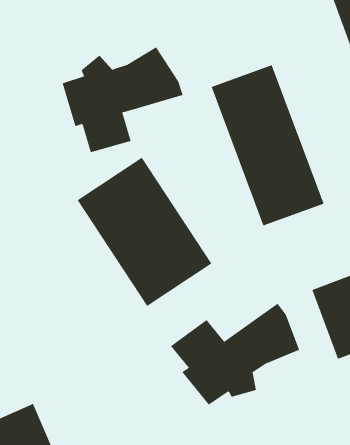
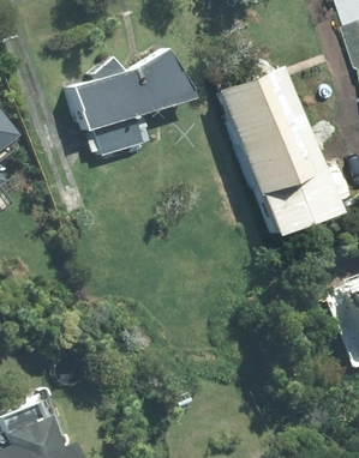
building: [77,157,212,307] -> none
building: [170,303,300,405] -> none

